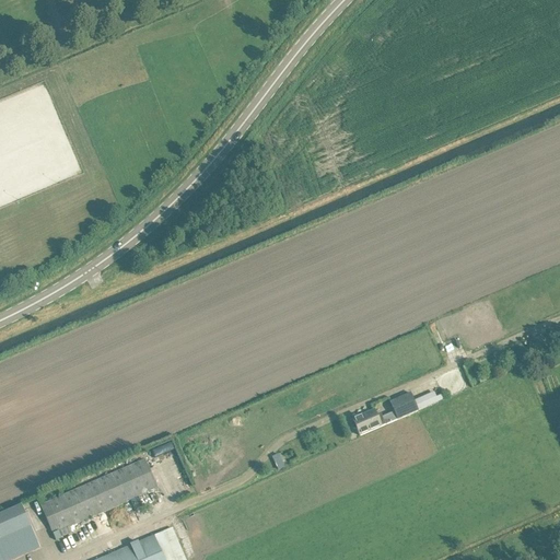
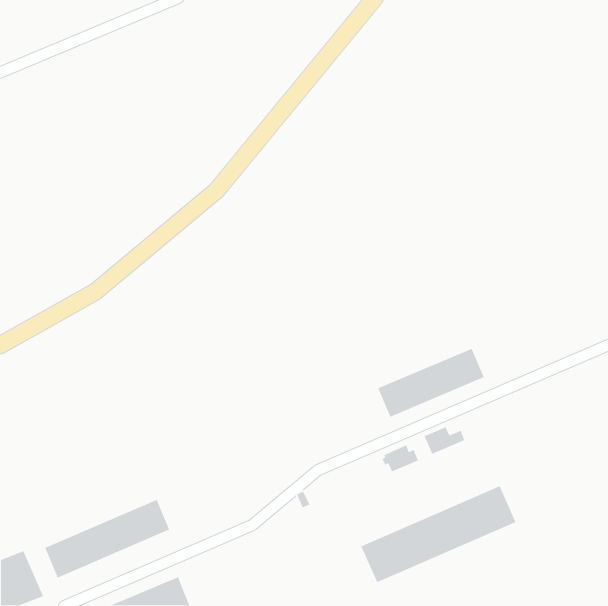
building: none -> [377,348,485,418]
building: none -> [360,485,517,583]

